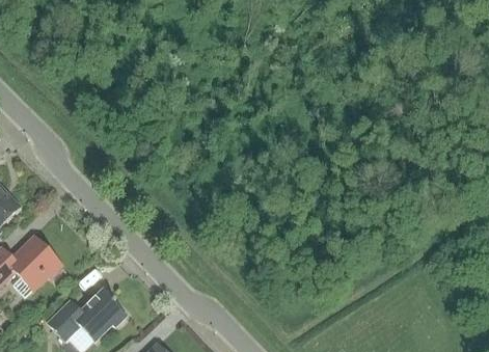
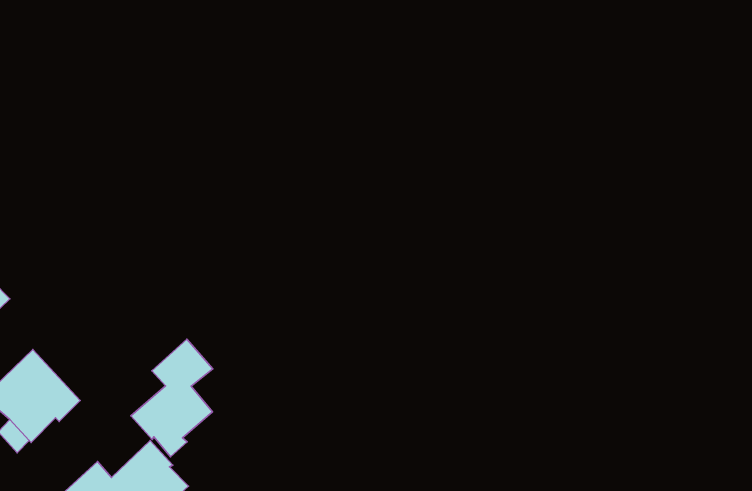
building: none -> [131,339,213,457]

